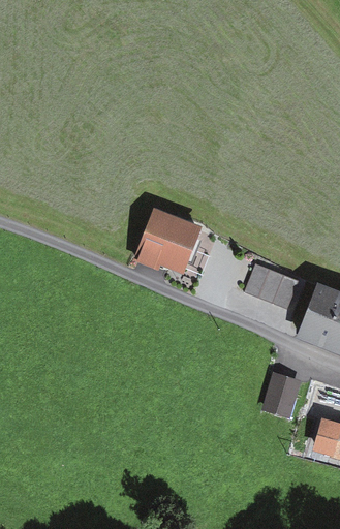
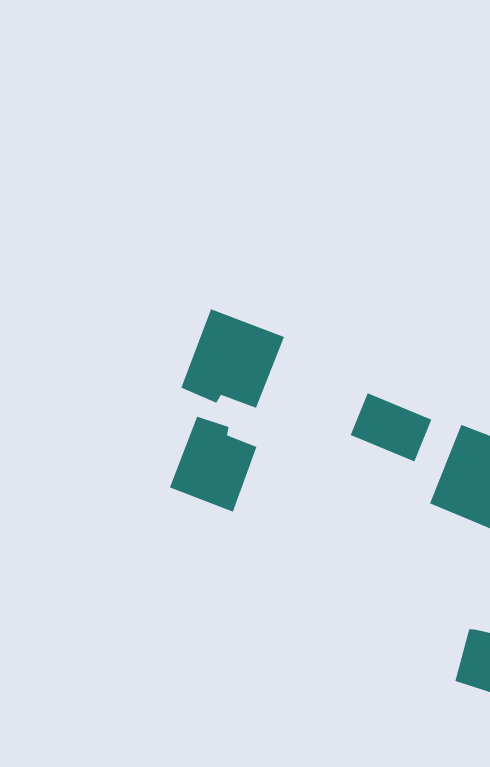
building: none -> [169,416,257,512]
building: [259,371,301,417] -> none

